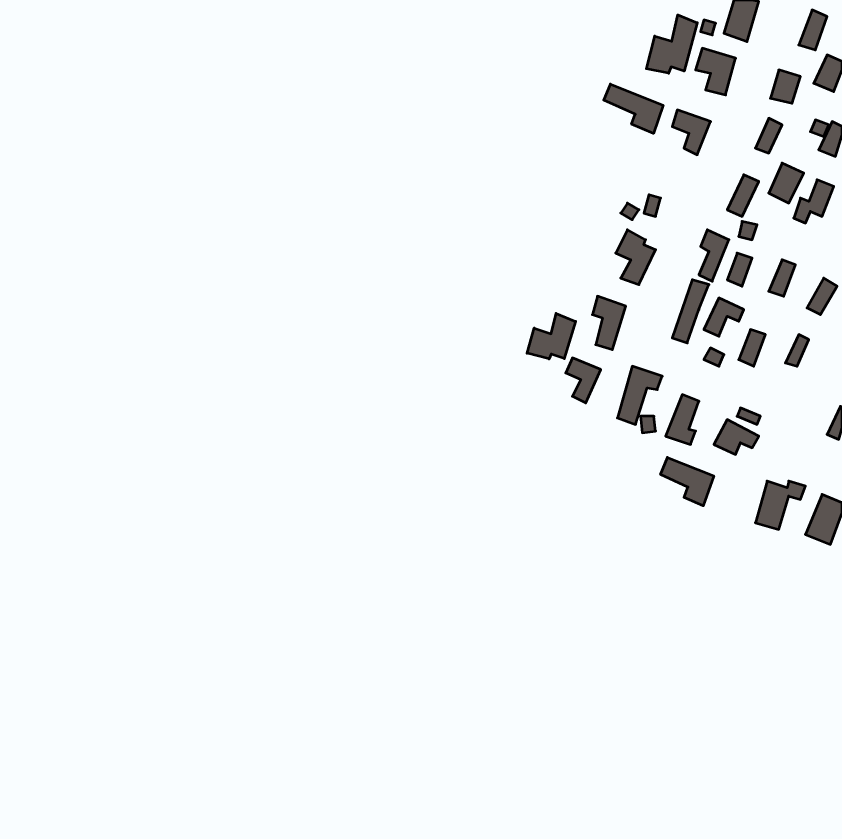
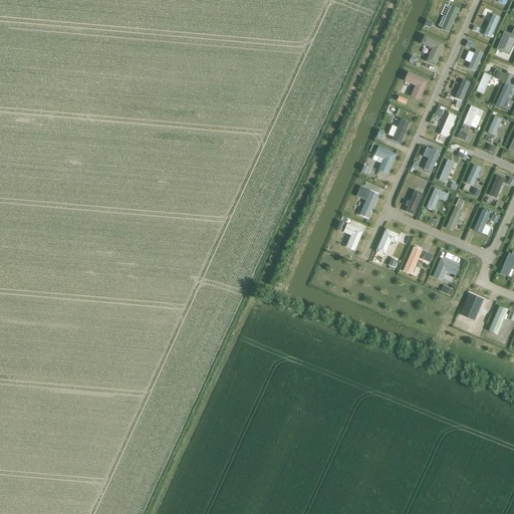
building: [646,15,697,73] -> none
building: [604,84,663,133] -> none
building: [527,313,576,359] -> none
building: [661,457,714,506] -> none

